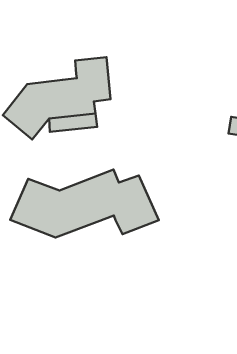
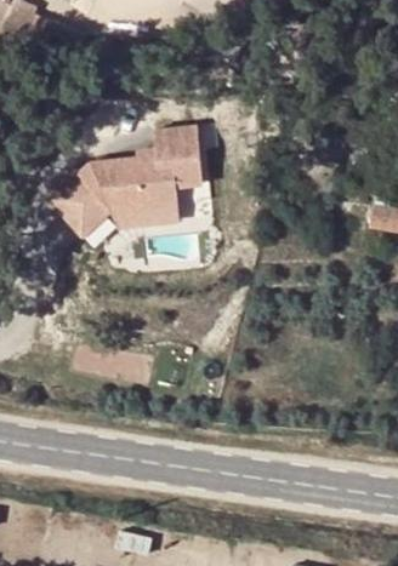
building: [10,170,159,237] -> none

